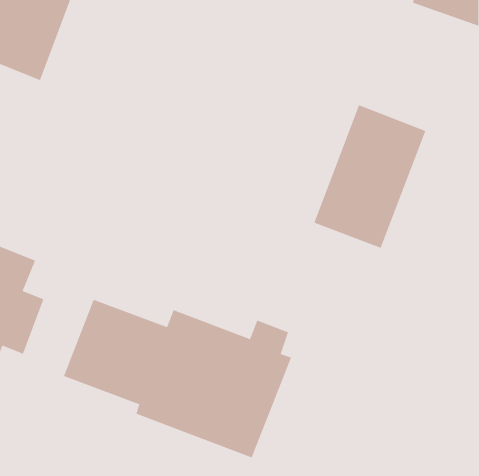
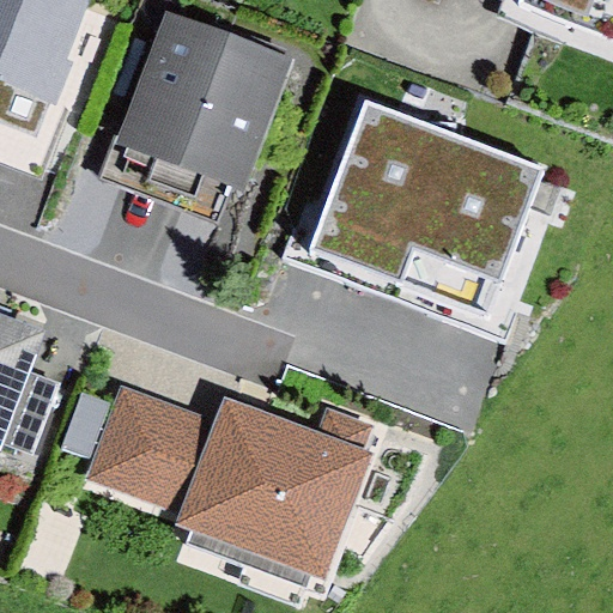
building: none -> [114,11,291,193]
building: none -> [308,102,456,284]

